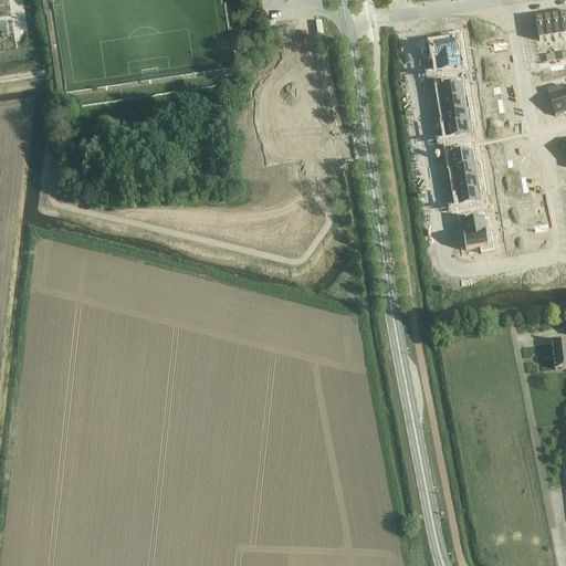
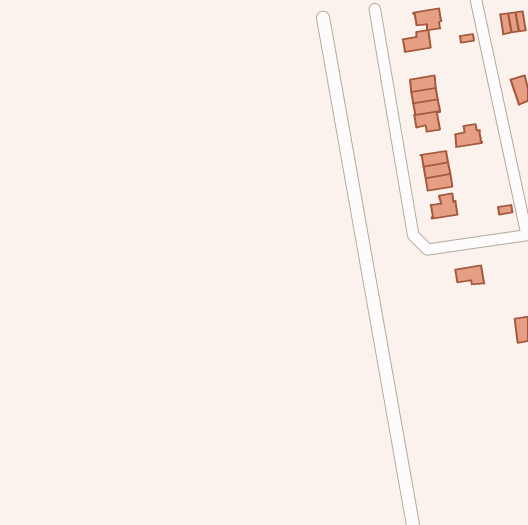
building: [432,51,462,74] -> [413,9,441,30]
building: [448,142,476,166] -> [455,124,482,147]
building: [461,229,492,249] -> [455,266,484,284]

